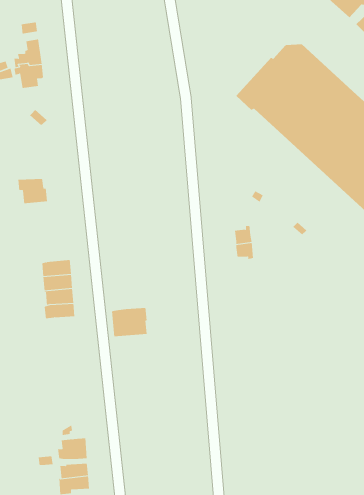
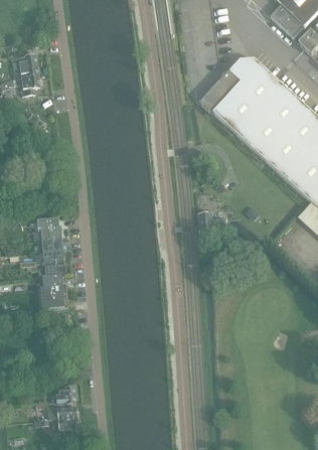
building: [17,178,48,204] -> [36,217,61,239]
building: [111,308,148,337] -> [36,284,66,308]

